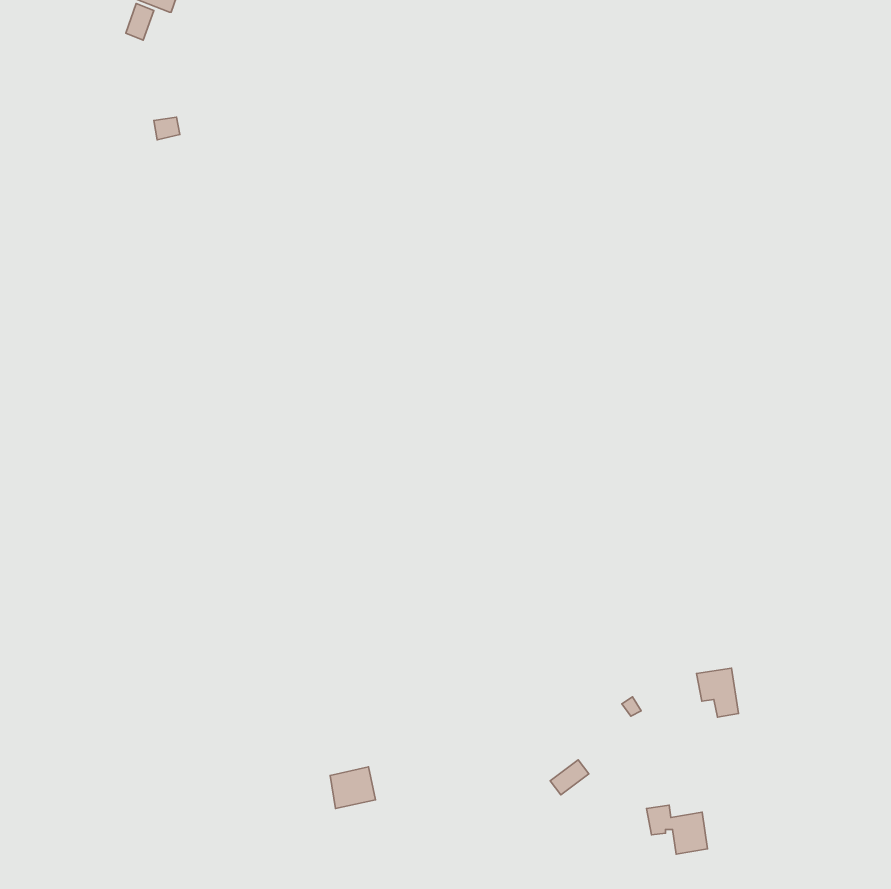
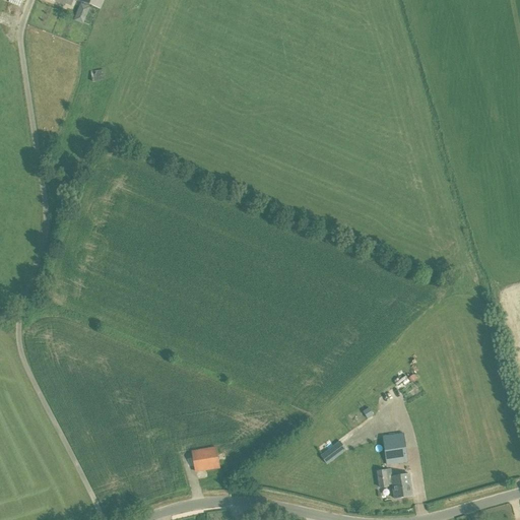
building: [697,668,738,717] -> [382,434,406,462]

